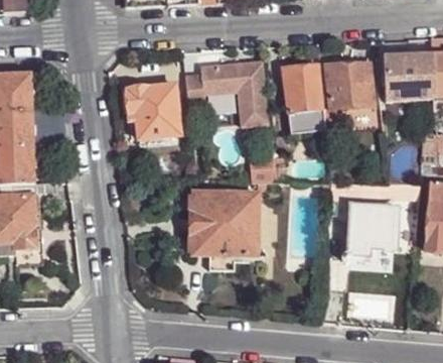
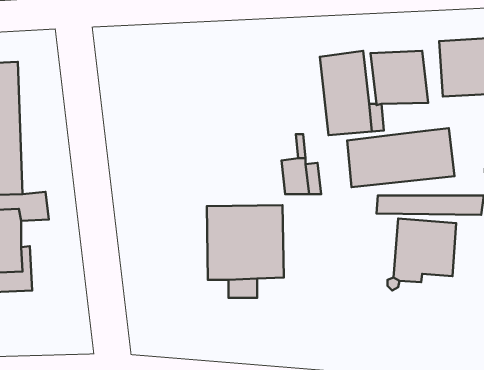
building: [185,60,269,126] -> none
building: [116,78,178,139] -> none
building: none -> [347,128,455,187]

